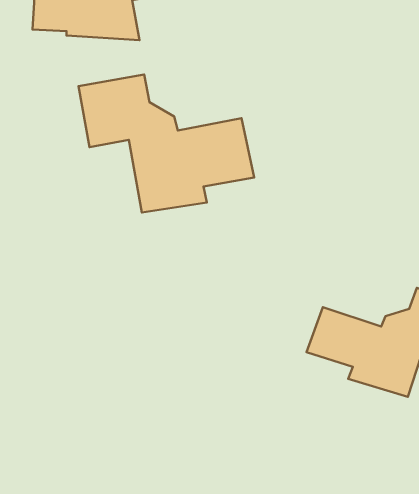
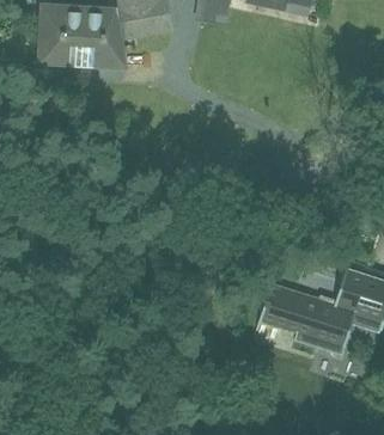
building: [79,74,254,212] -> none

